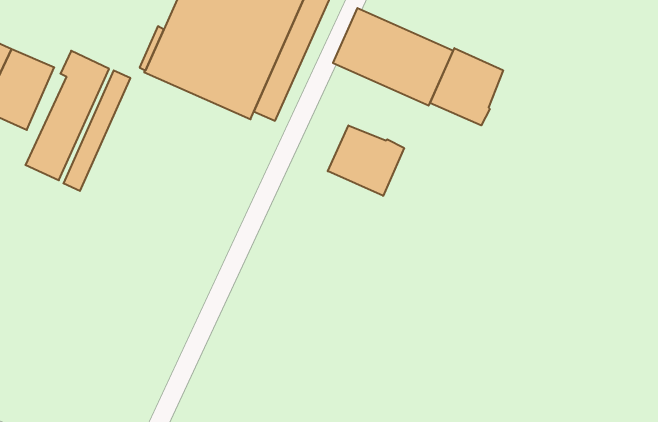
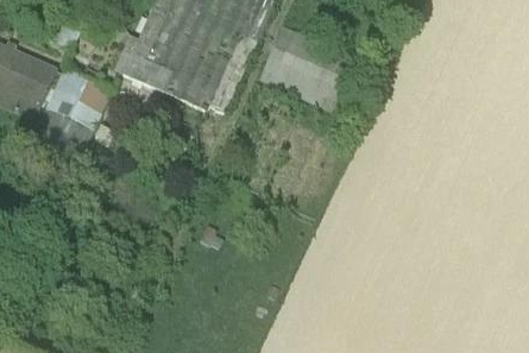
building: [430,48,503,125] -> none
building: [328,125,404,196] -> none

